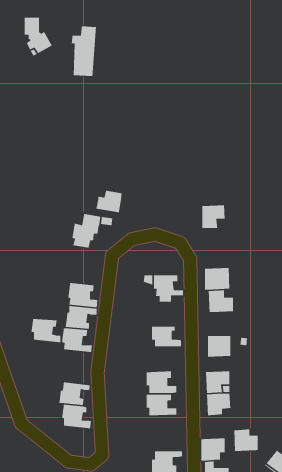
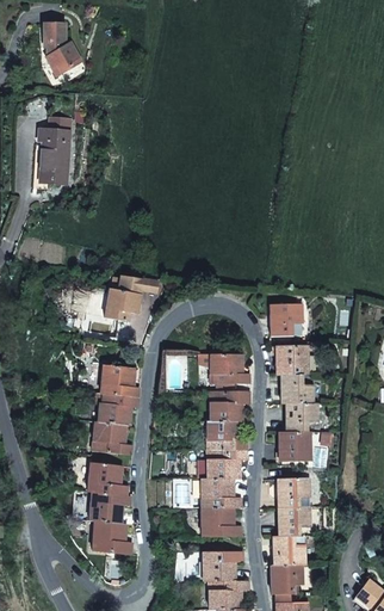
building: [71,26,97,77] -> [38,117,72,183]
building: [95,190,123,213] -> none
building: [202,205,226,229] -> [271,303,302,334]
building: none -> [209,391,249,420]
building: none -> [285,402,318,432]
building: [30,318,61,343] -> [87,463,126,495]
building: none -> [206,448,247,479]
building: none -> [203,550,243,580]
building: [233,428,258,452] -> [273,535,305,564]

